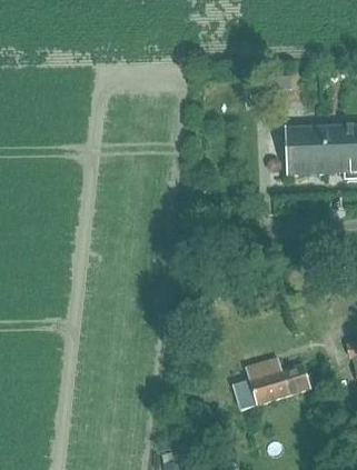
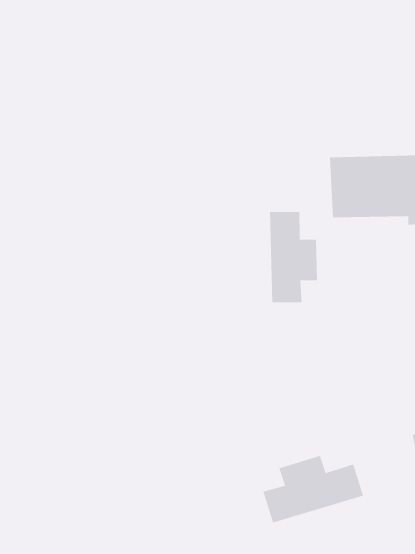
building: none -> [270,211,317,303]

